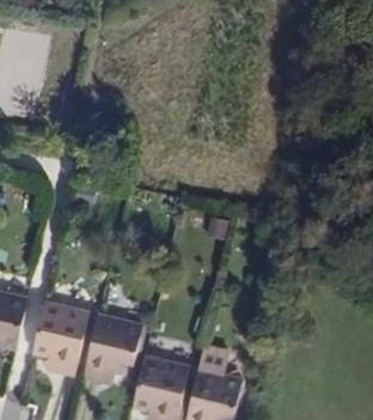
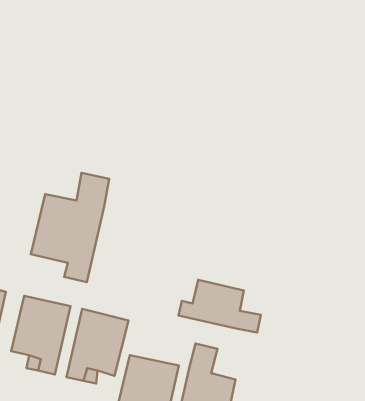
building: none -> [31,173,109,282]
building: none -> [178,280,261,333]

